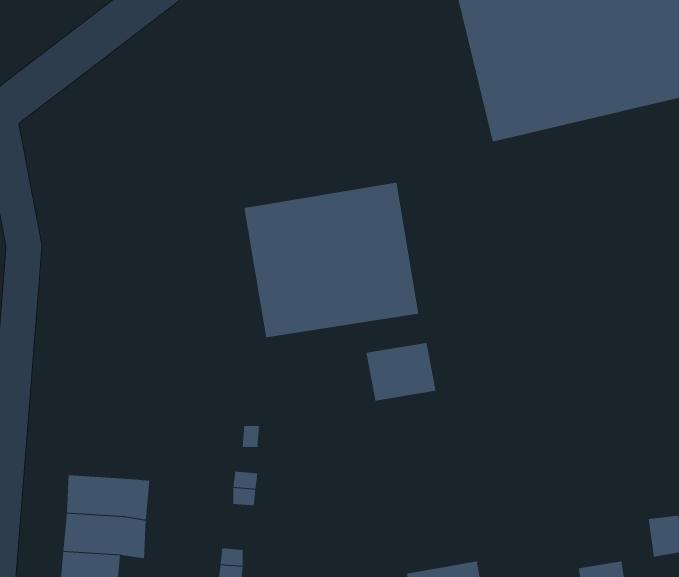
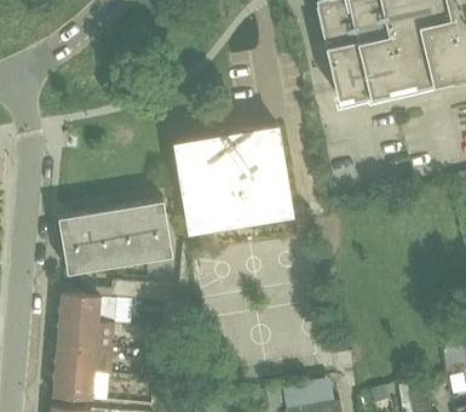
building: none -> [58,200,173,274]
building: [366,342,436,401] -> none
building: none -> [59,294,116,325]

